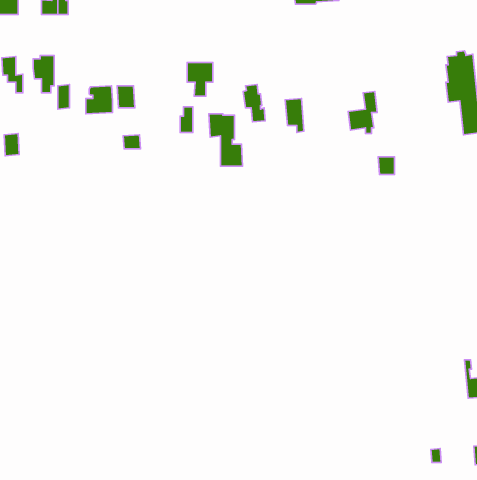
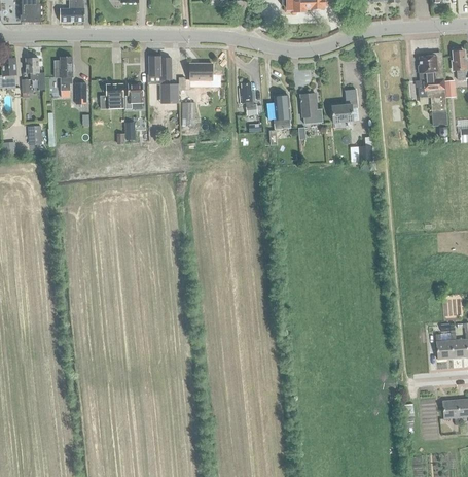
building: none -> [299,92,322,123]
building: [209,114,243,166] -> [148,56,178,102]

